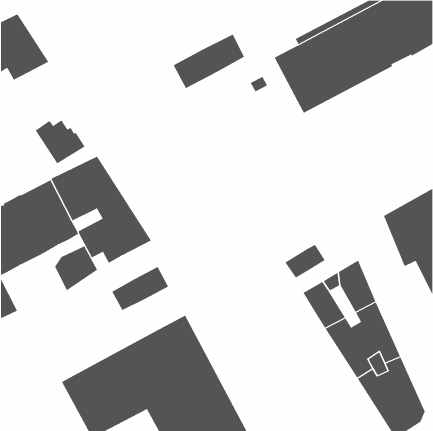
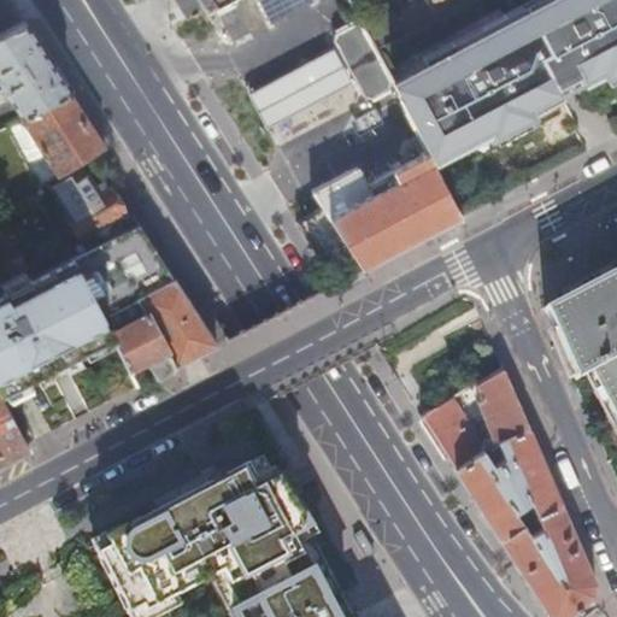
building: none -> [330,24,388,101]
building: none -> [14,90,106,177]
building: none -> [310,154,469,288]
building: [284,244,326,278] -> none
building: [55,245,98,291] -> none
building: [111,266,169,311] -> none

